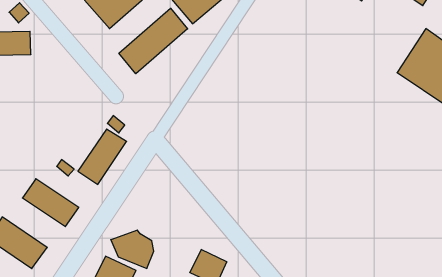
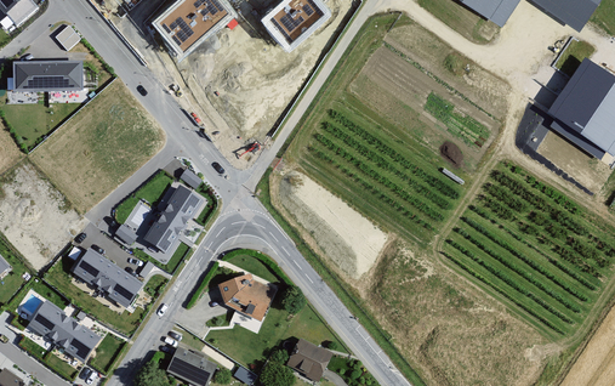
building: [119,8,188,74] -> none
building: [111,230,154,268] -> [215,273,269,322]

